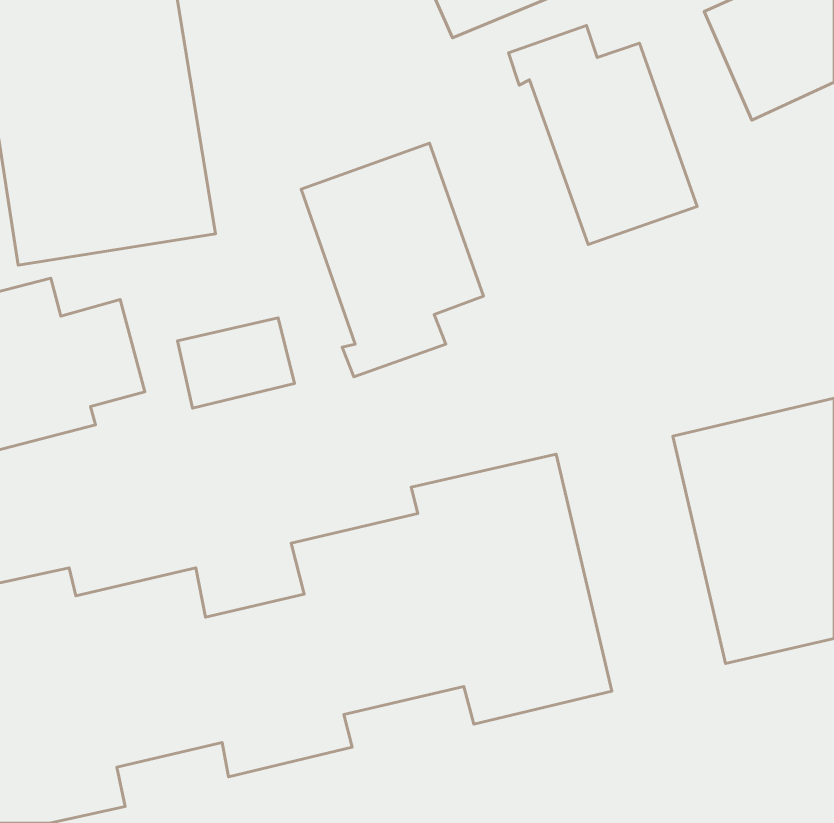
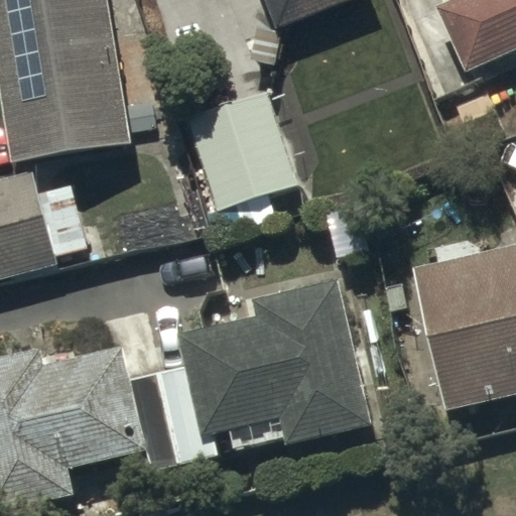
building: [508,25,697,244] -> none

